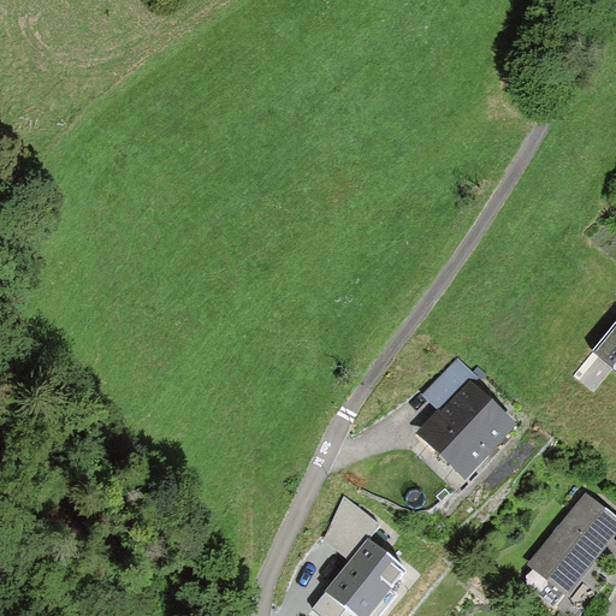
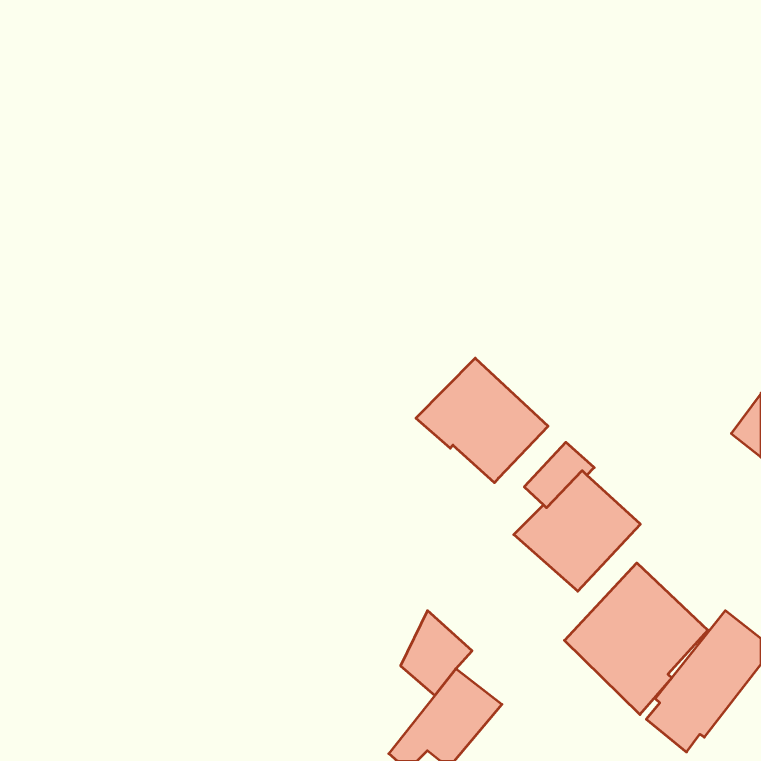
building: none -> [416,358,548,483]
building: none -> [564,563,708,715]

